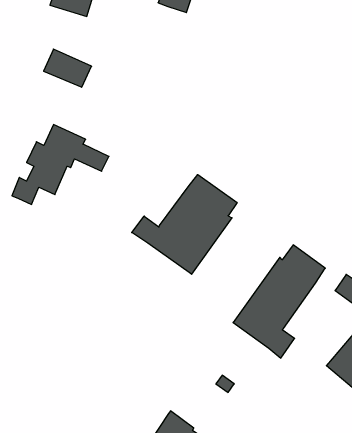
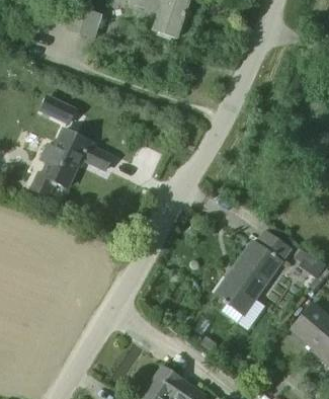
building: [44,49,92,87] -> [37,94,77,126]
building: [132,175,237,274] -> none

